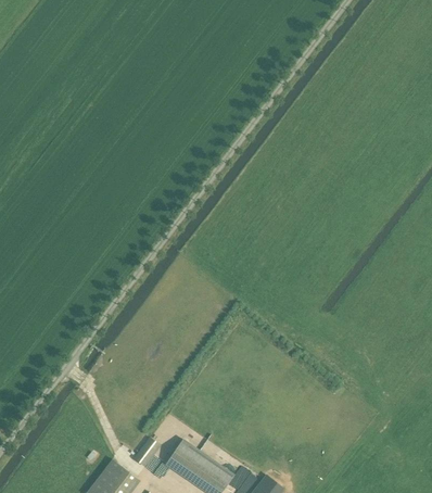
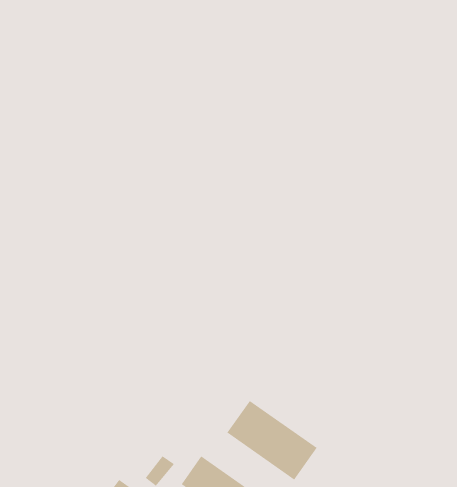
building: none -> [226,400,318,481]

